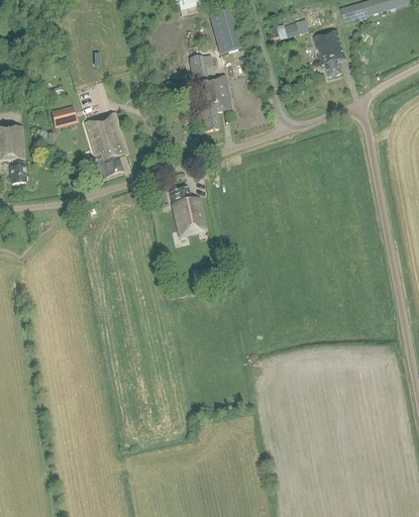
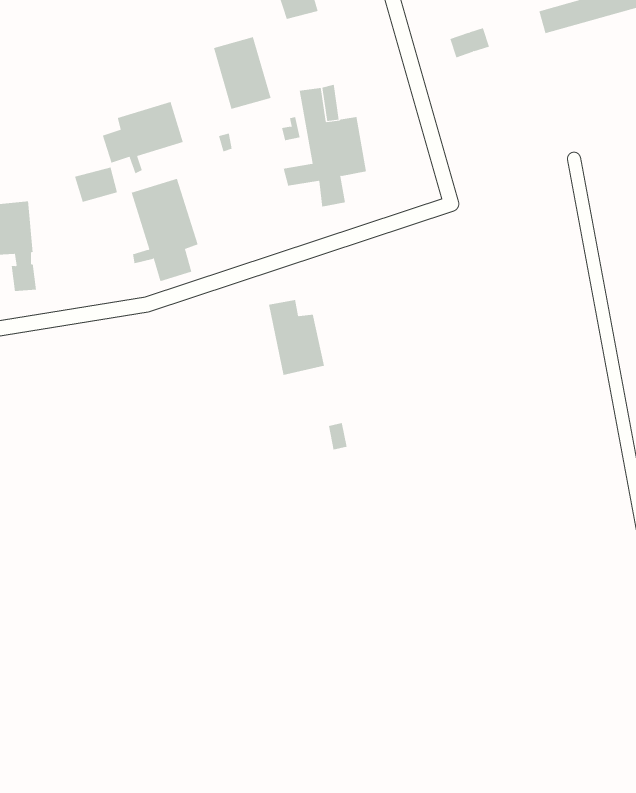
building: [208,7,244,53] -> [213,37,271,110]
building: [312,28,344,77] -> none
building: none -> [102,101,184,174]

